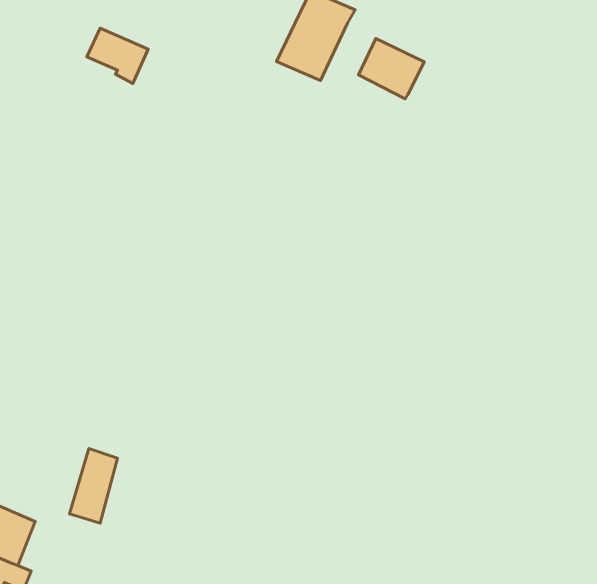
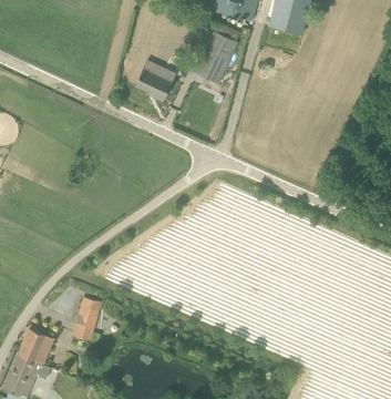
building: [87,28,148,84] -> [135,68,171,100]
building: [358,39,424,99] -> none

